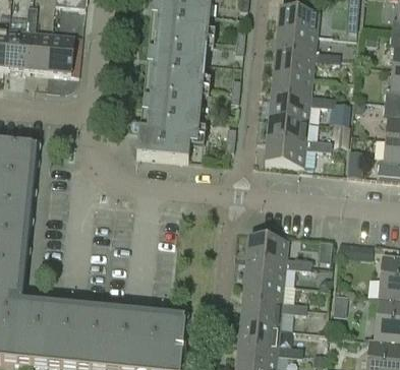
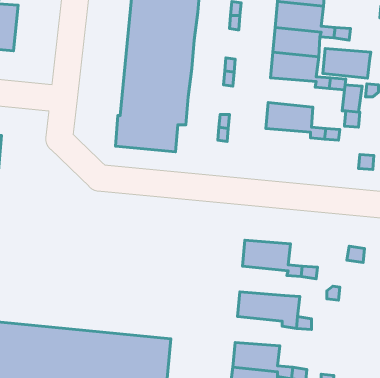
building: [48,32,74,73] -> none
building: [269,95,310,120] -> [323,49,371,78]
building: [264,138,305,165] -> none
building: [244,257,286,283] -> none
building: [240,301,281,326] -> none

